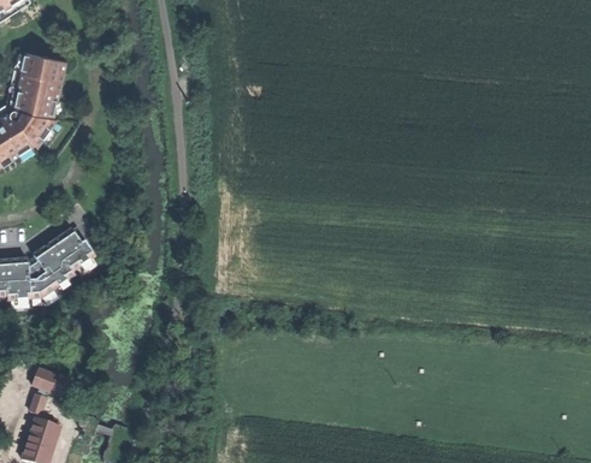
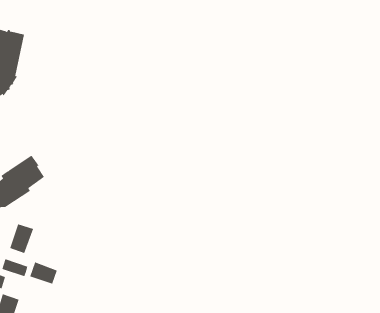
building: none -> [9,223,34,254]
building: none -> [30,261,58,285]

